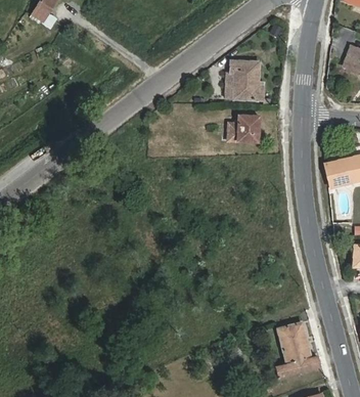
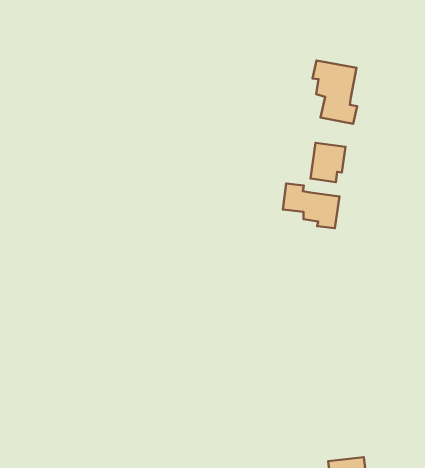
building: none -> [283,184,339,228]

